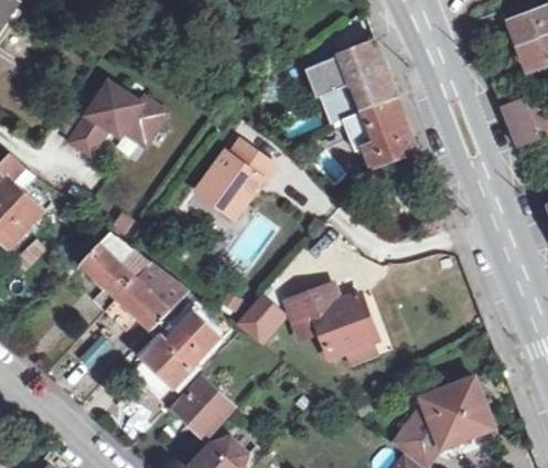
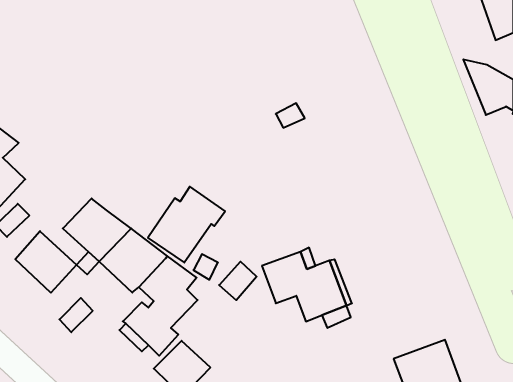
building: [311,41,416,168] -> none
building: [67,82,166,153] -> none
building: [197,141,277,220] -> [148,187,225,263]
building: none -> [15,231,77,293]

